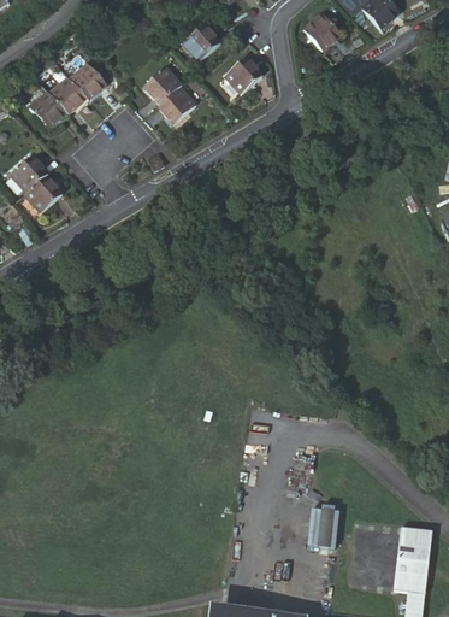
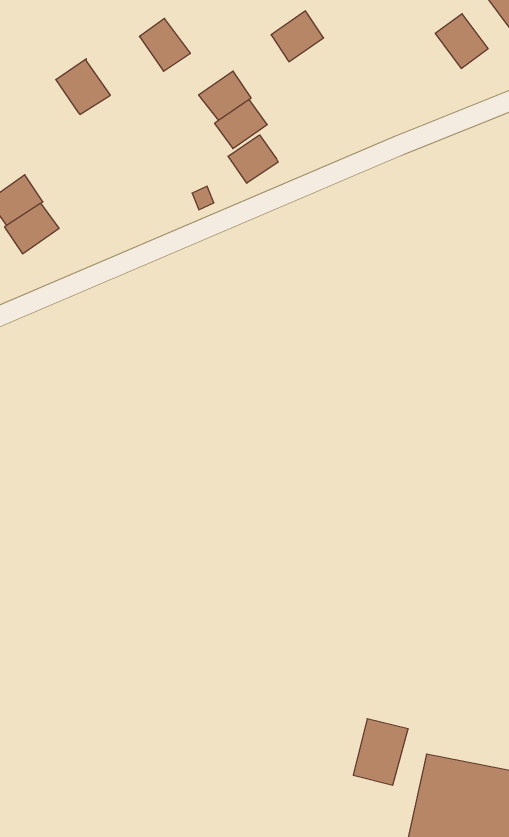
building: [225,60,261,95] -> none
building: [66,61,102,98] -> [139,18,190,71]
building: [29,90,65,127] -> none
building: none -> [228,135,278,183]

